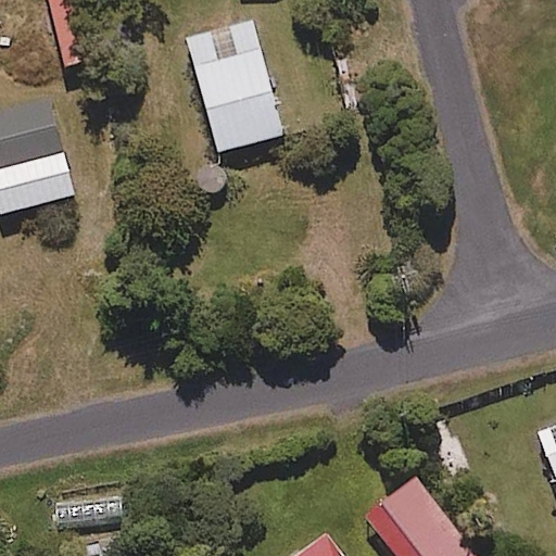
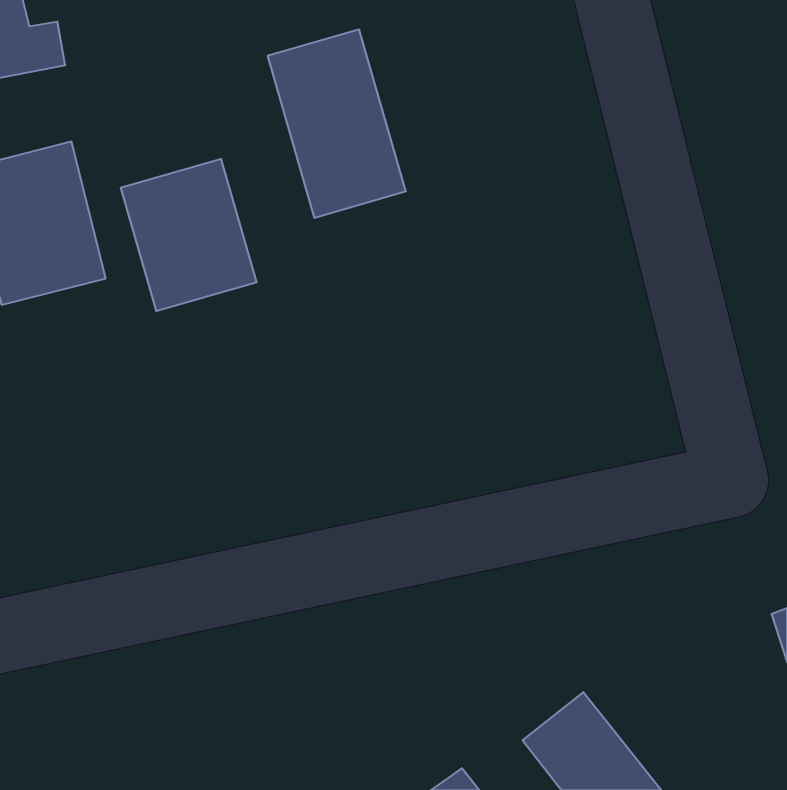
building: none -> [121,159,257,311]

